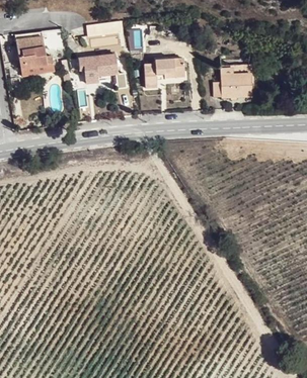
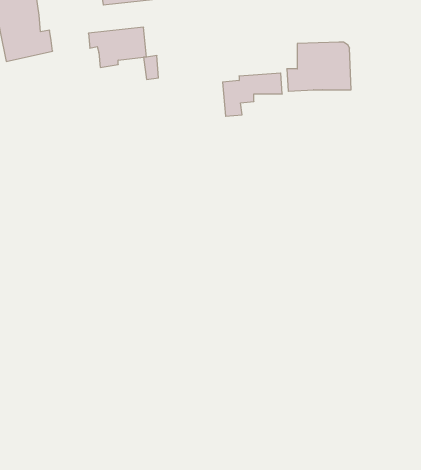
building: [144,59,184,88] -> [223,73,282,116]

